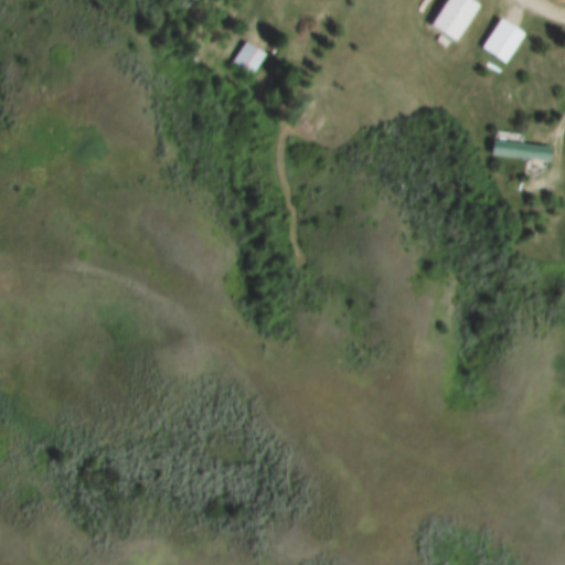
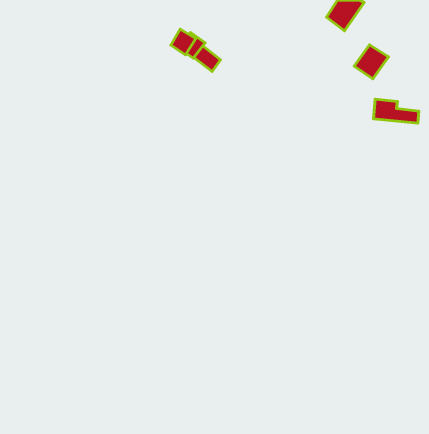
building: [481,20,525,64] -> [354,45,388,79]
building: none -> [194,46,220,71]

